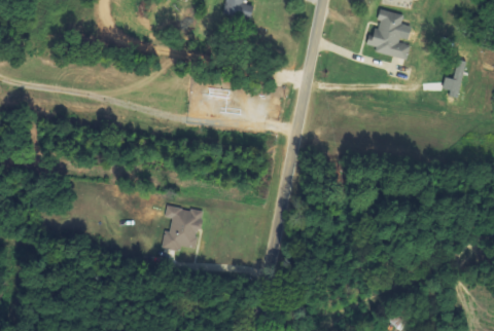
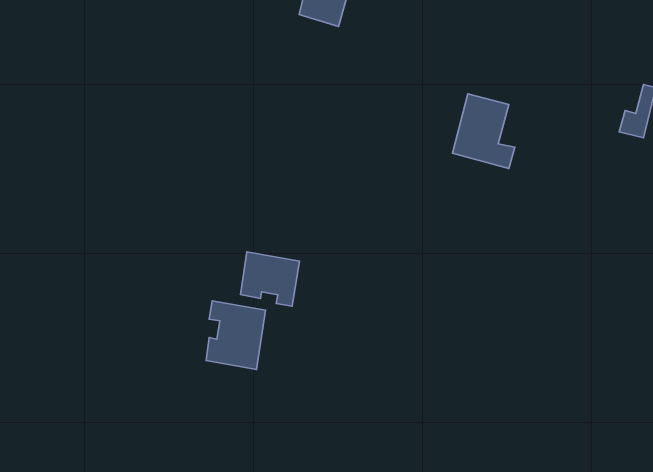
building: [369,9,412,60] -> [452,94,515,168]
building: none -> [241,252,300,306]

